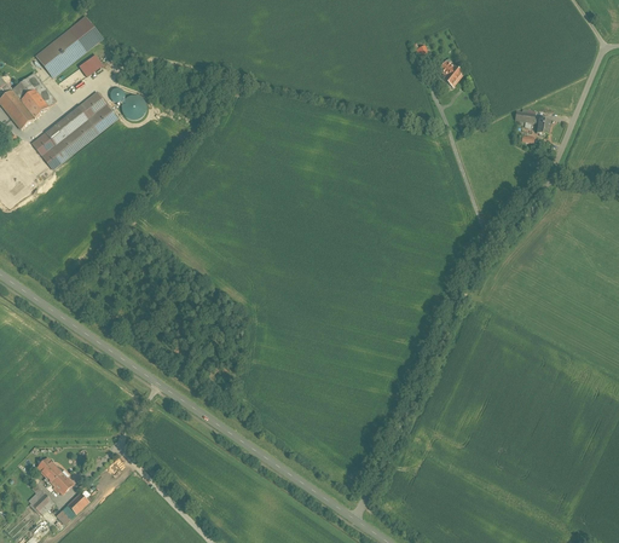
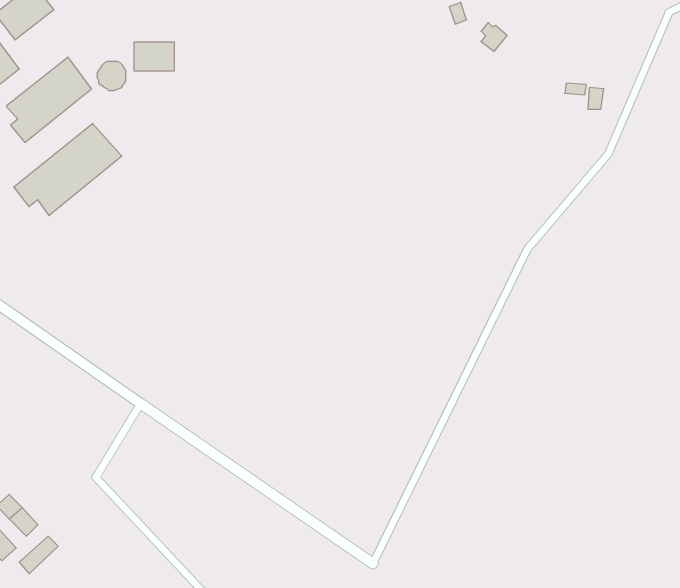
building: none -> [134,42,174,71]
building: none -> [14,123,122,216]

